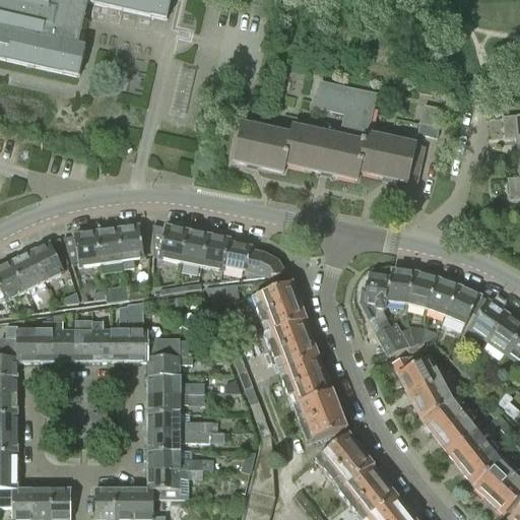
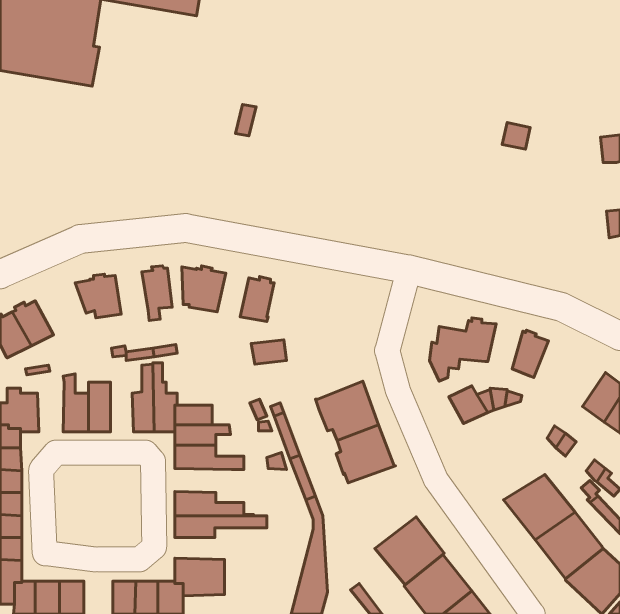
building: [234,80,424,181] -> none
building: [96,226,124,263] -> none
building: [182,226,208,265] -> none
building: [29,238,67,280] -> none
building: [223,242,284,275] -> none
building: [408,271,438,309] -> none
building: [255,281,305,334] -> none
building: [447,285,480,324] -> none
building: [468,299,507,340] -> none
building: [92,311,112,362] -> none
building: [31,320,54,362] -> none
building: [392,348,451,418] -> none
building: [291,390,346,444] -> none
building: [146,392,194,412] -> none
building: [146,450,212,468] -> none

